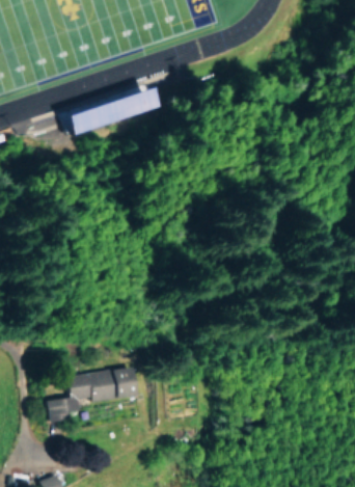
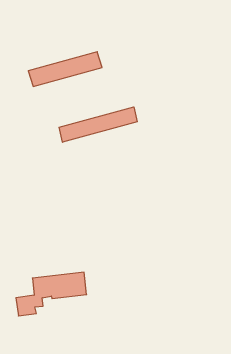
building: none -> [59,107,137,142]

